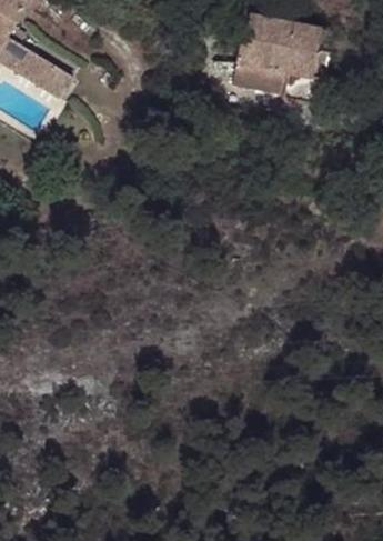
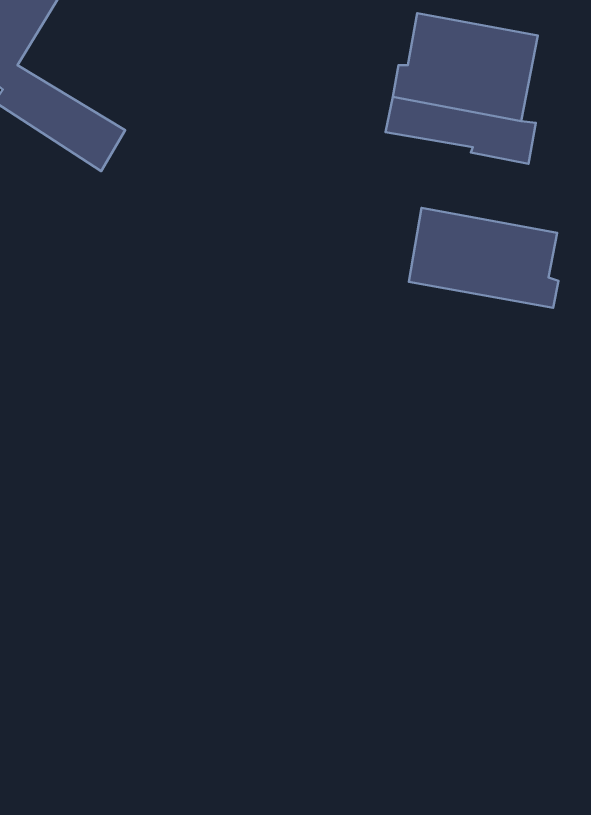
building: none -> [409,208,558,308]

